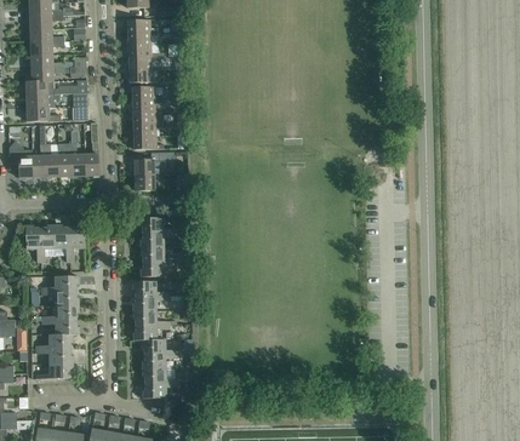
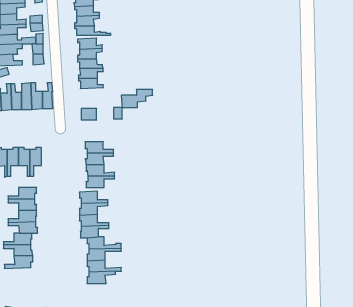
building: [133,153,173,176] -> [121,89,153,108]

